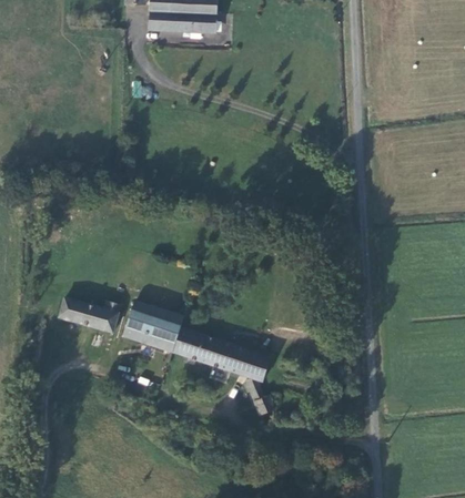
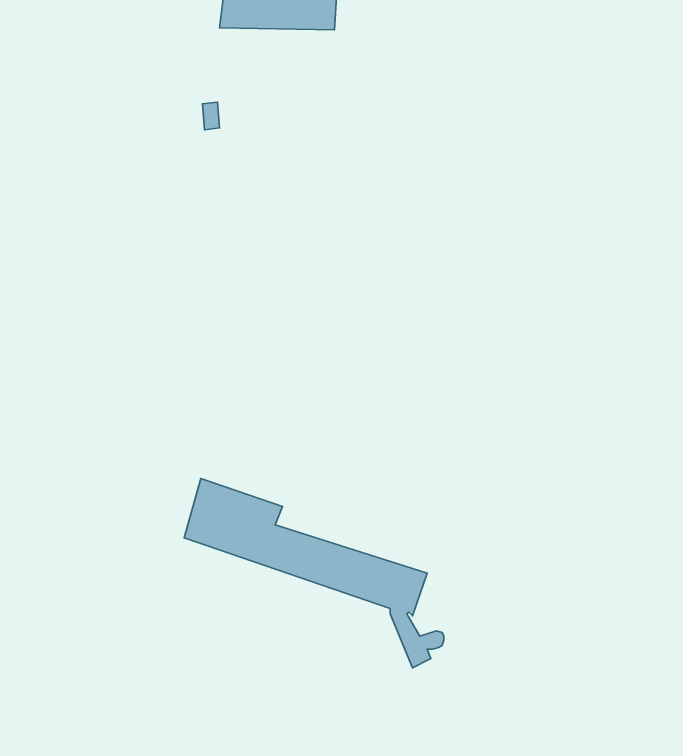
building: [60,298,122,333] -> none

